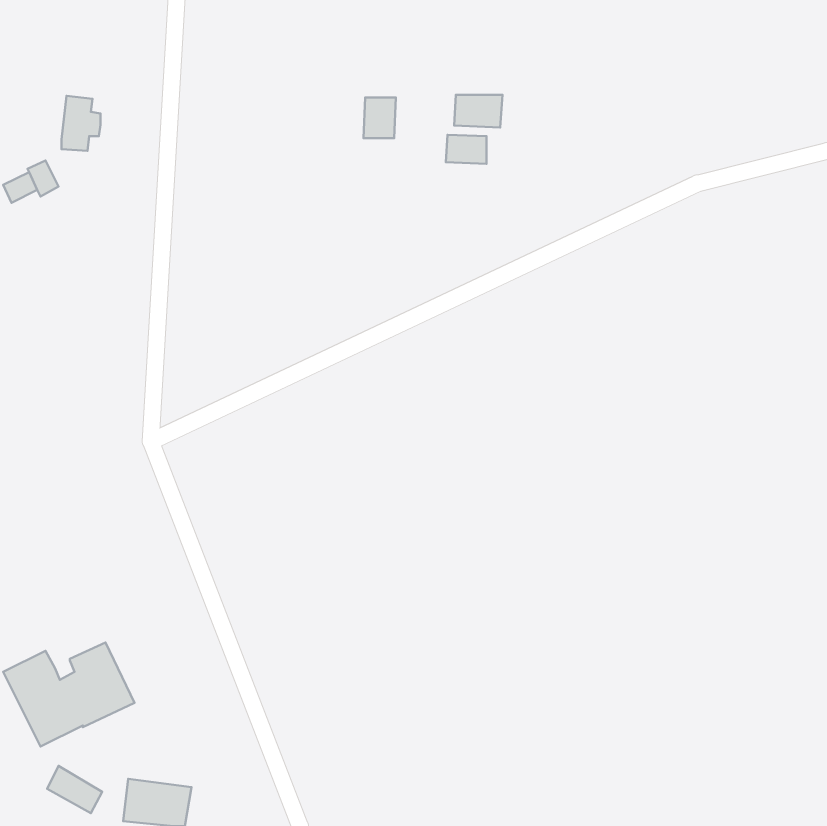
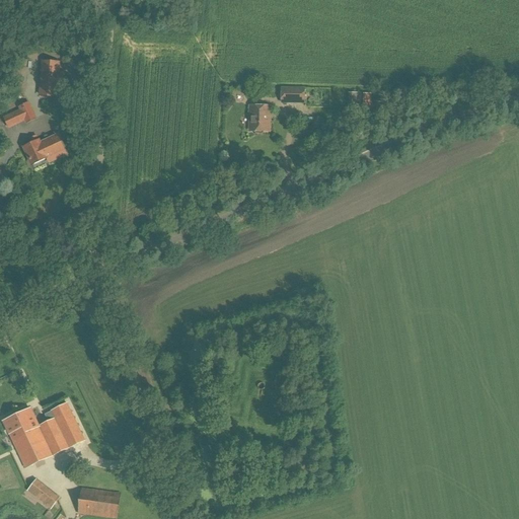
building: [454,95,503,127] -> none
building: [363,98,396,138] -> [248,104,269,130]
building: none -> [23,134,65,162]

